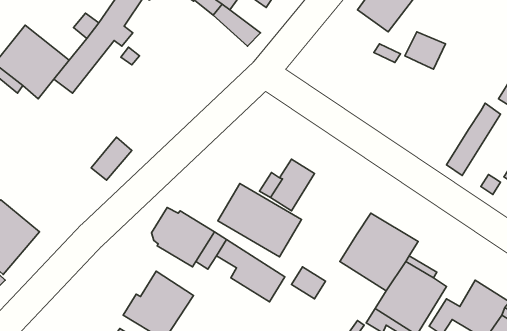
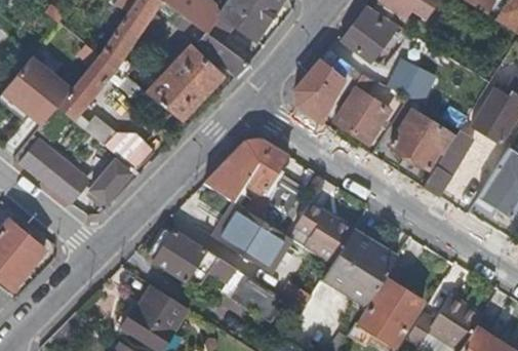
building: none -> [147,44,225,120]
building: none -> [293,48,350,122]
building: none -> [335,89,388,143]
building: none -> [390,110,455,168]
building: none -> [85,116,155,170]
building: none -> [21,139,90,204]
building: none -> [205,139,287,202]
building: none -> [296,205,353,252]

